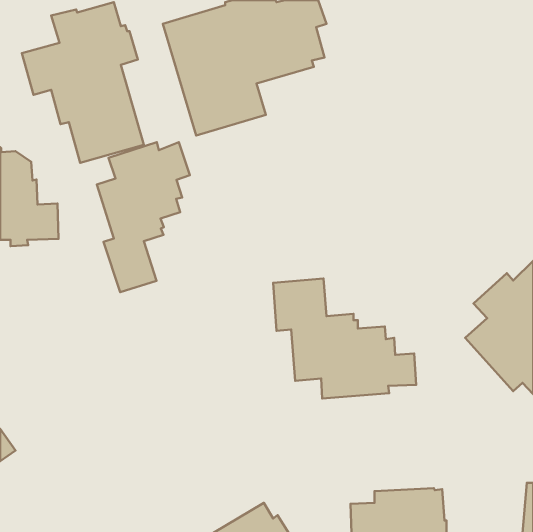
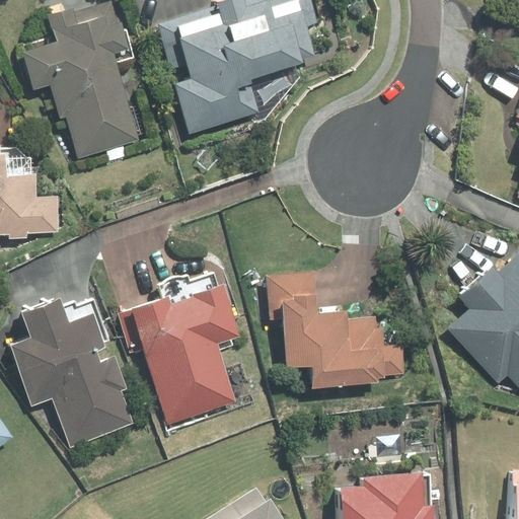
building: [97,142,190,292] -> none
building: none -> [120,276,237,421]
building: none -> [14,298,134,446]

